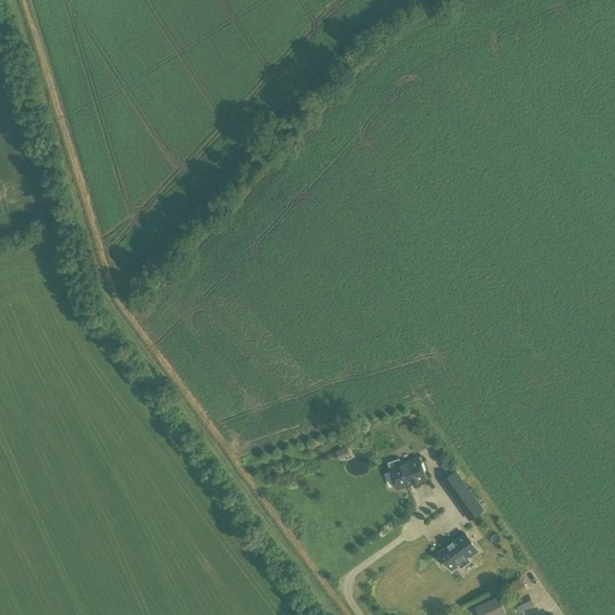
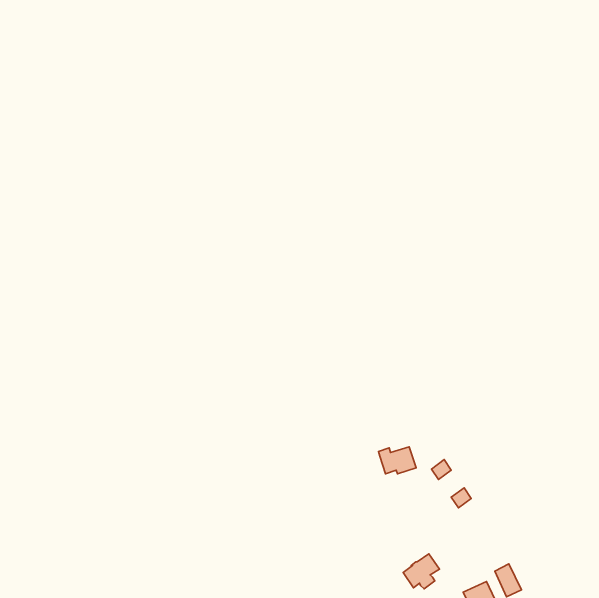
building: [438,535,476,571] -> [403,554,439,589]

